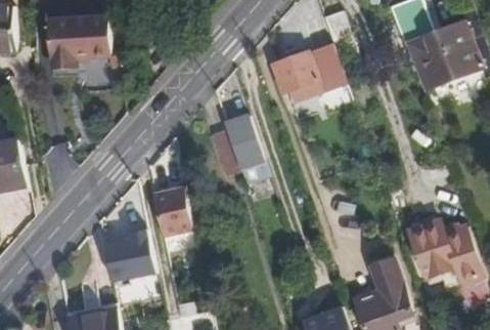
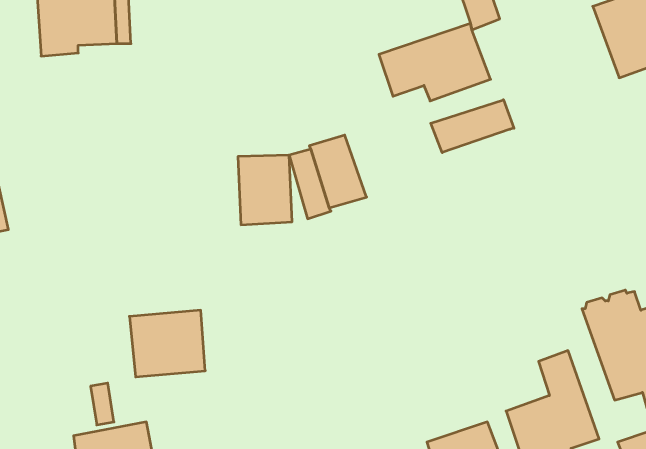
building: none -> [431,100,514,153]
building: [158,190,193,236] -> [238,155,292,225]

